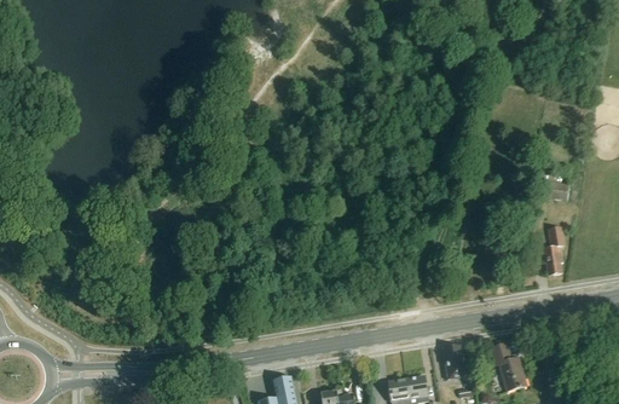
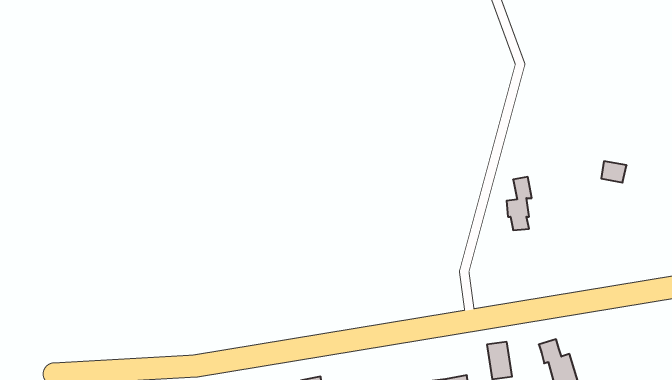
building: [542,229,565,277] -> [507,177,532,230]

